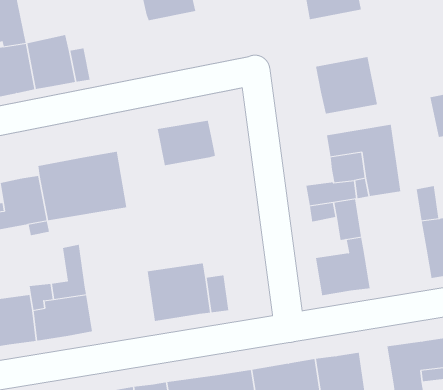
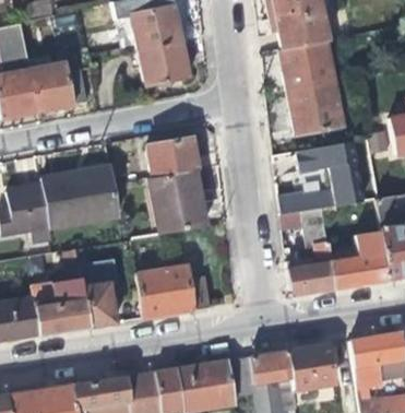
building: none -> [279,40,335,91]
building: none -> [139,42,189,85]
building: none -> [150,172,205,235]
building: none -> [331,251,390,288]
building: none -> [83,283,116,327]

